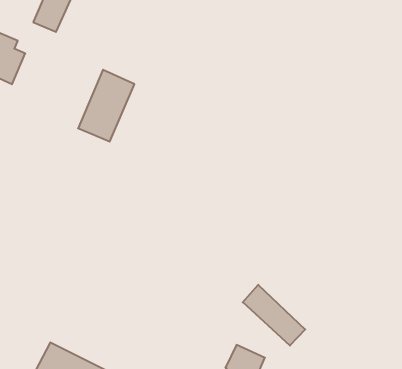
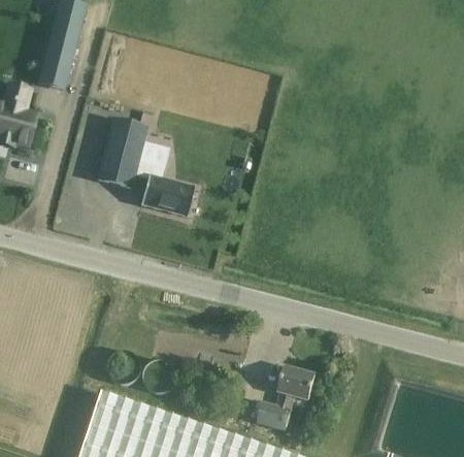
building: none -> [142,175,195,215]
building: [243,285,305,346] -> none

